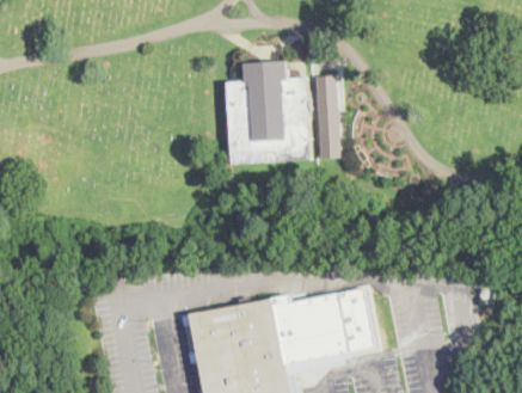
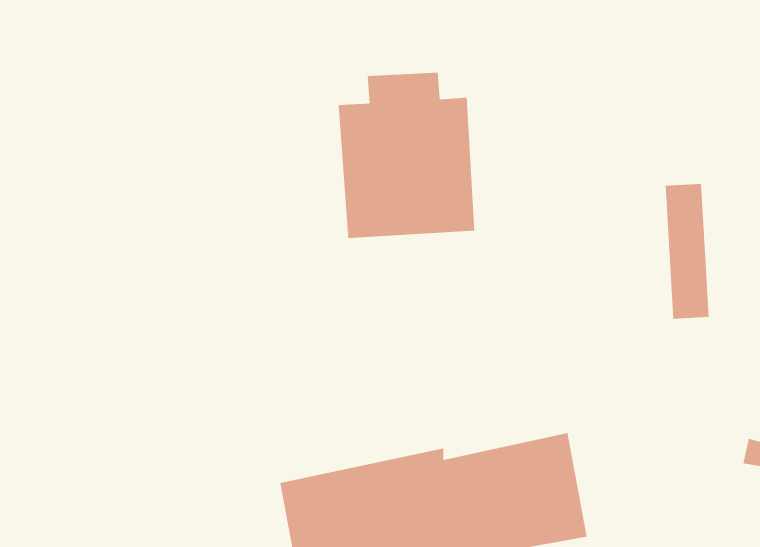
building: [314,73,342,156] -> [665,184,709,319]

